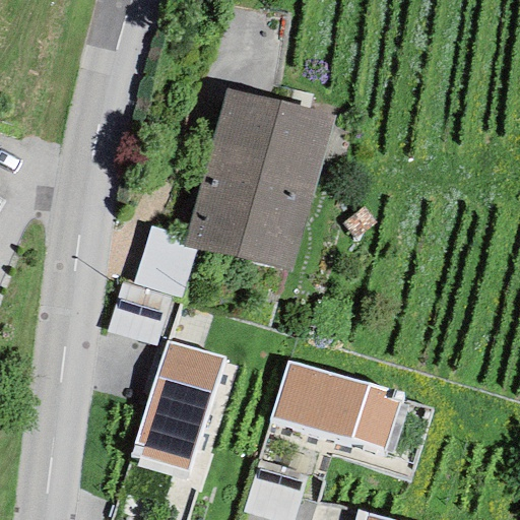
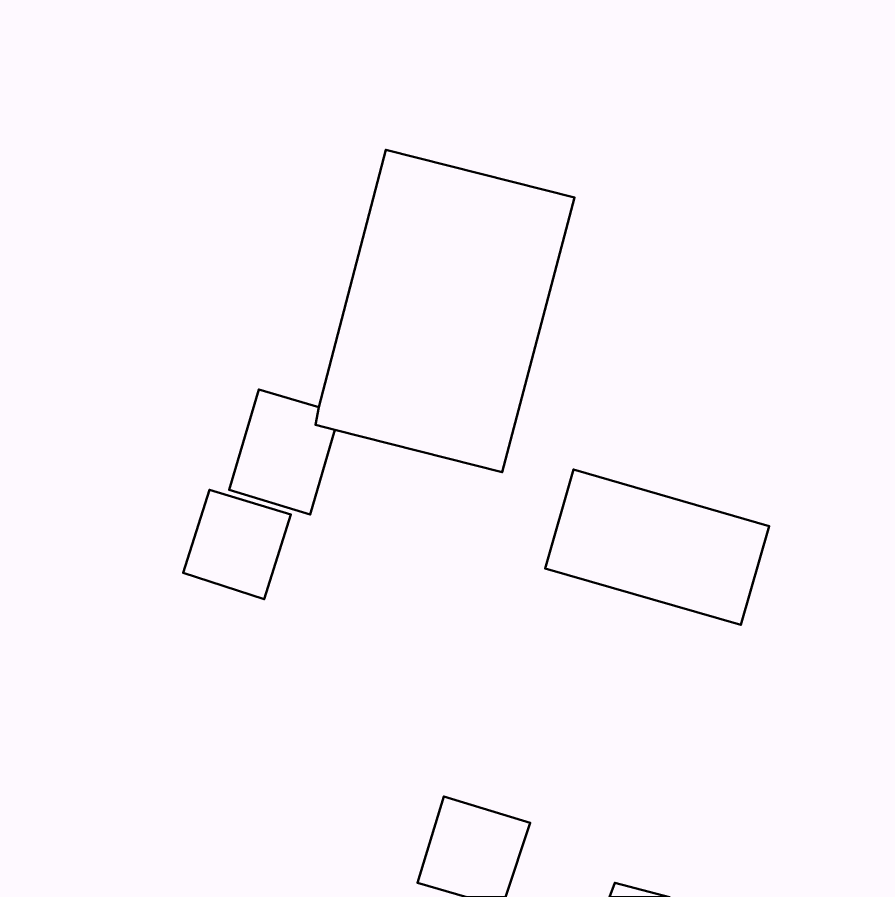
building: [135,338,225,470] -> none
building: [273,360,402,449] -> [545,470,769,625]

